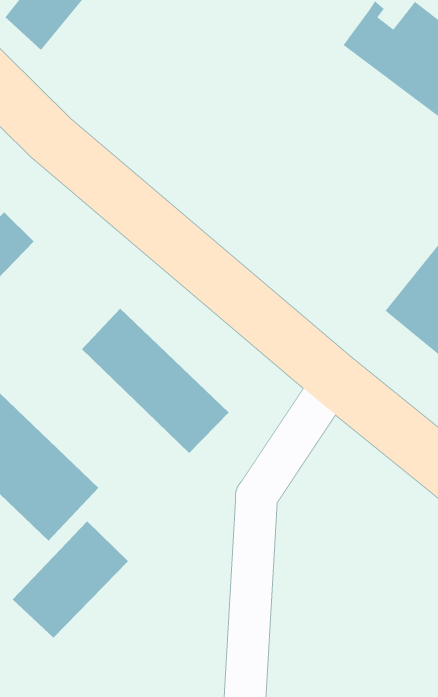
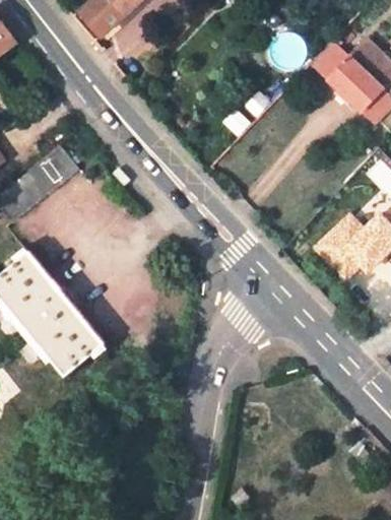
building: [81,308,230,454] -> none
building: [12,521,129,639] -> none

